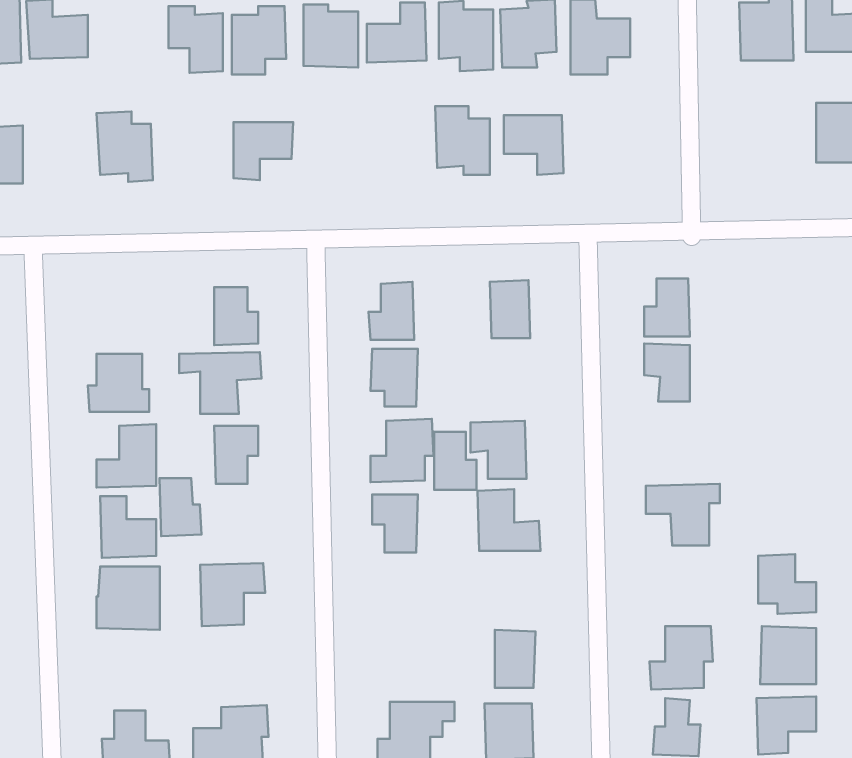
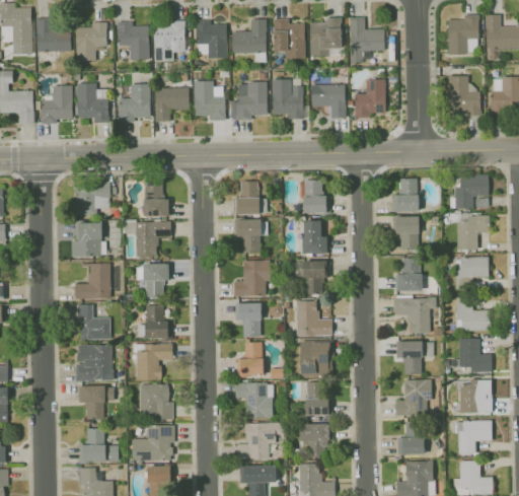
building: none -> [76,22,107,61]
building: none -> [450,76,480,117]
building: none -> [354,79,386,118]
building: none -> [194,80,225,121]
building: none -> [230,82,268,120]
building: none -> [121,83,151,119]
building: none -> [41,85,73,124]
building: none -> [454,174,489,209]
building: none -> [75,184,109,215]
building: none -> [456,215,489,250]
building: none -> [455,257,489,287]
building: none -> [395,258,422,290]
building: [434,432,476,490] -> [303,220,327,254]
building: [159,478,202,536] -> [145,305,169,339]
building: none -> [456,298,490,331]
building: none -> [396,341,423,374]
building: none -> [237,342,263,376]
building: none -> [300,342,329,375]
building: none -> [235,382,274,419]
building: none -> [140,384,173,419]
building: none -> [79,385,114,419]

